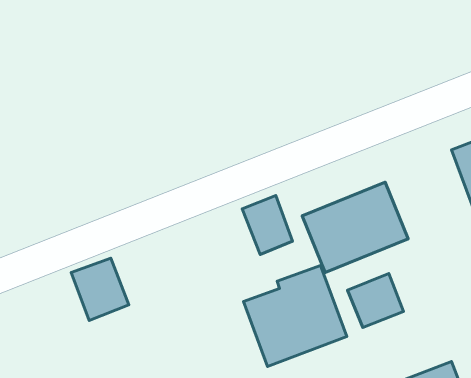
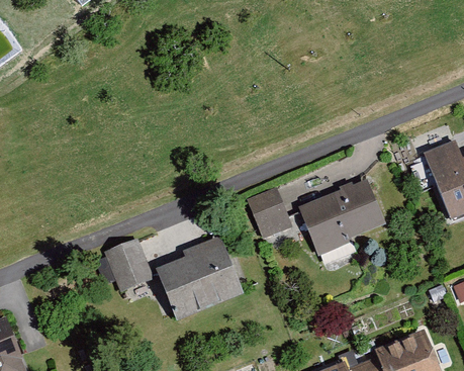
building: [243,266,347,367] -> [154,238,241,322]
building: [347,274,404,328] -> none

